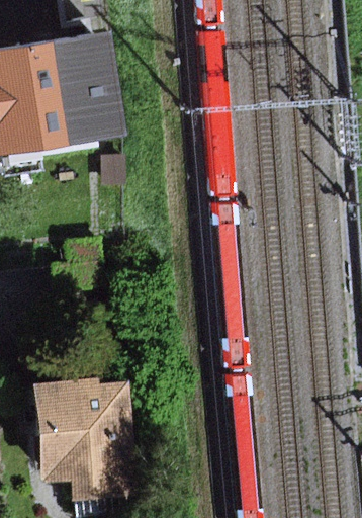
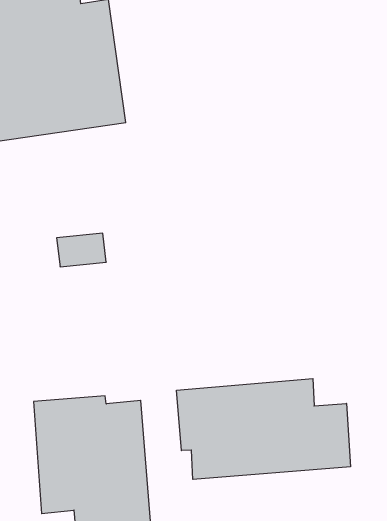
building: none -> [177,379,350,479]

